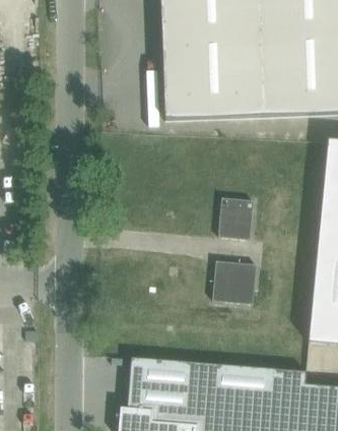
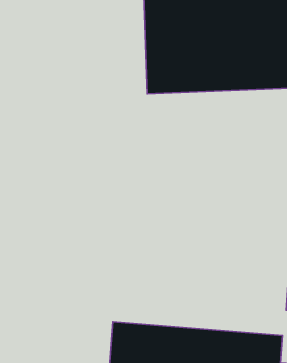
building: [219,196,254,238] -> none
building: [213,259,257,303] -> none

